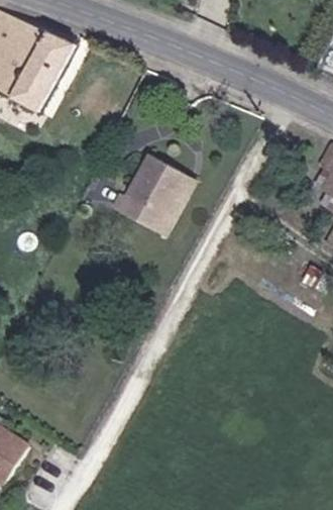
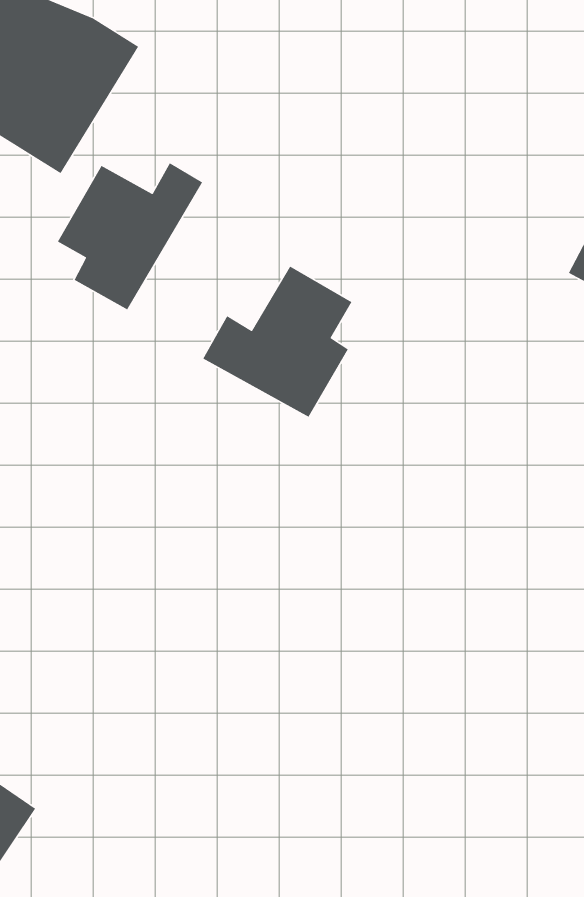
building: none -> [57,162,203,311]

